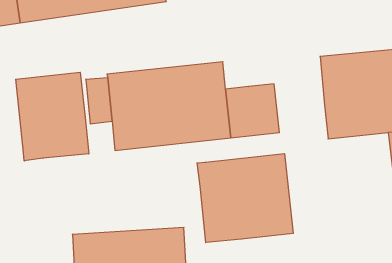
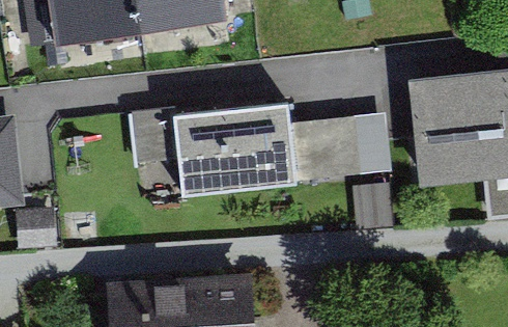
building: [16,72,89,161] -> none
building: [197,154,293,243] -> none

